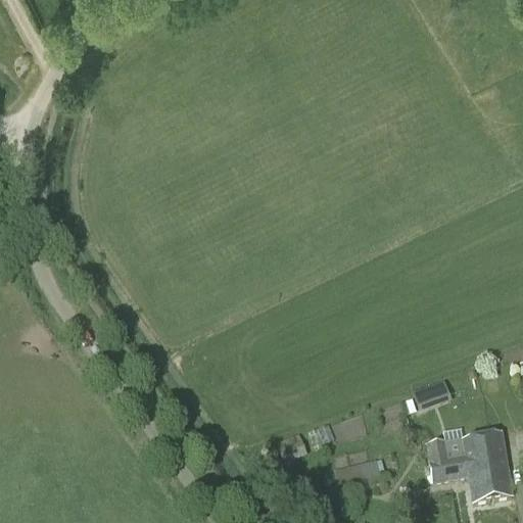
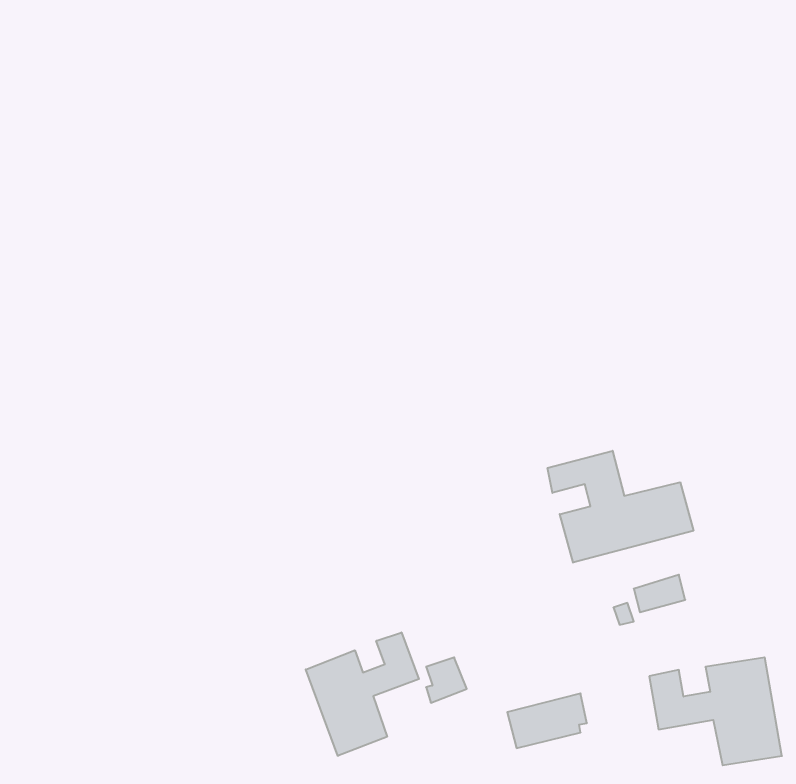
building: none -> [548,451,693,563]
building: none -> [306,632,419,756]

